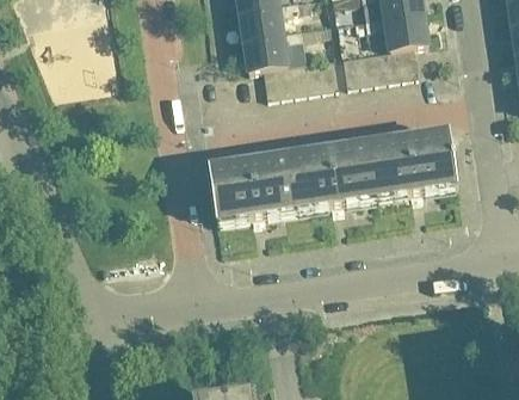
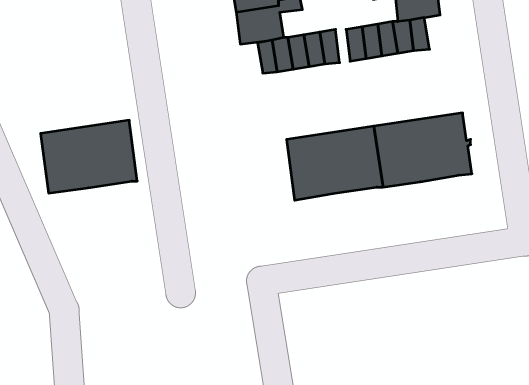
building: [209,147,296,213] -> [41,120,137,193]

